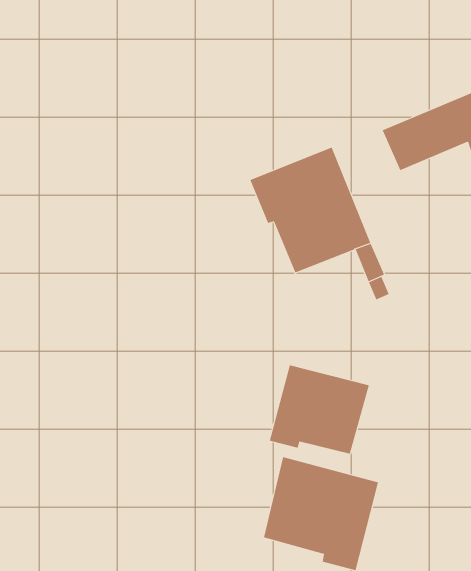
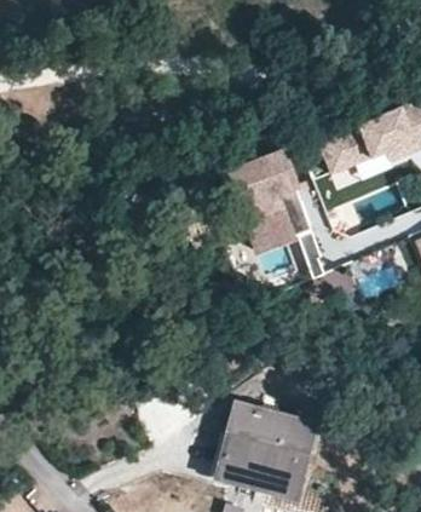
building: [269,364,370,455] -> none

